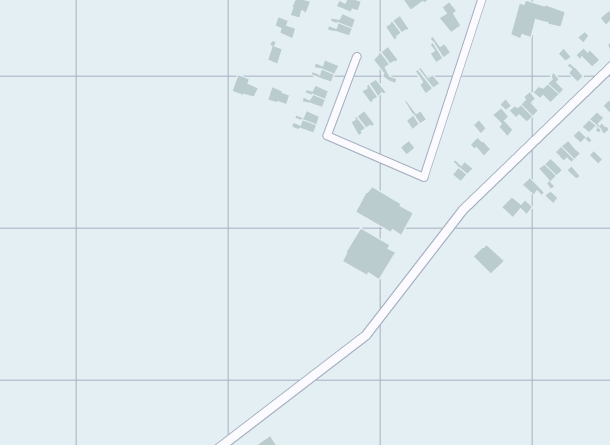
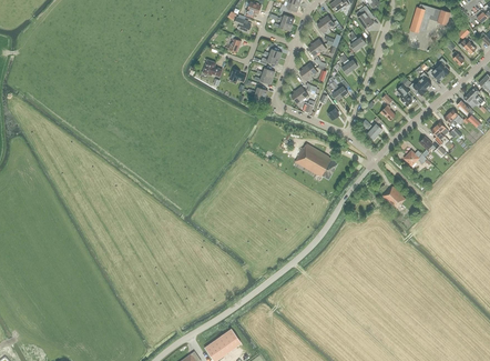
building: [342,228,396,280] -> none

